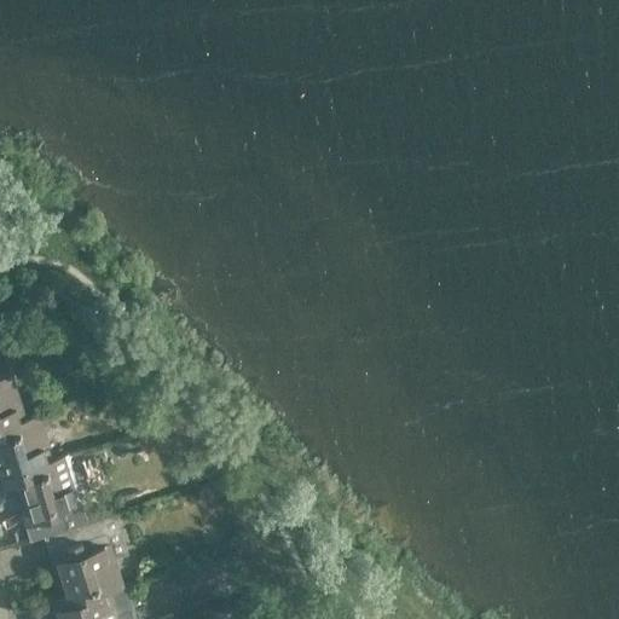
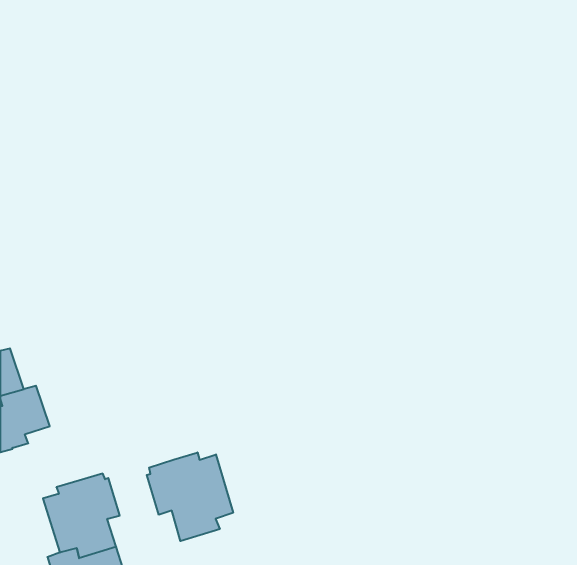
building: [13,465,85,538] -> none
building: none -> [147,452,233,541]

